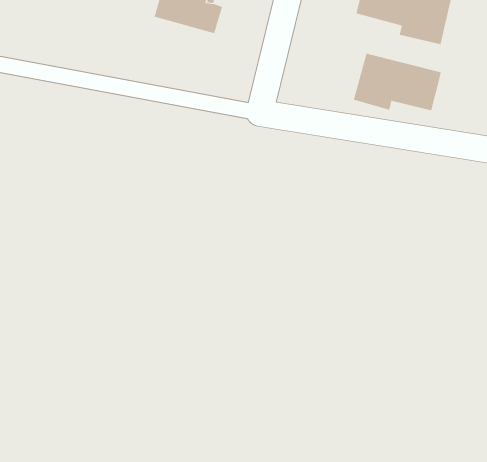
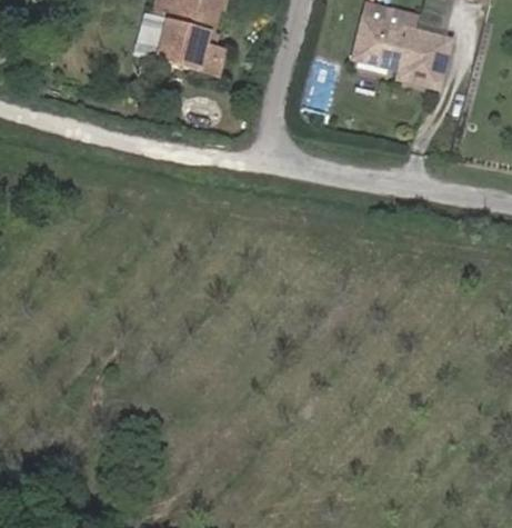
building: [353,53,441,111] -> none

